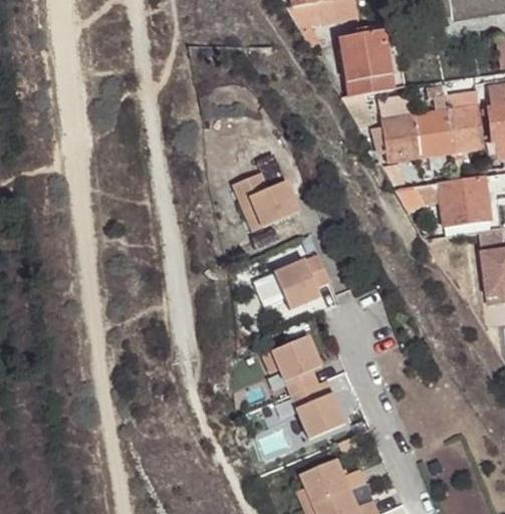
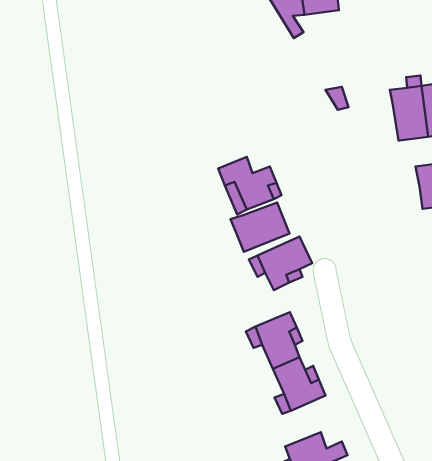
building: [341,29,396,95] -> none
building: [373,103,421,160] -> none
building: [396,182,443,213] -> none
building: none -> [230,203,290,252]

